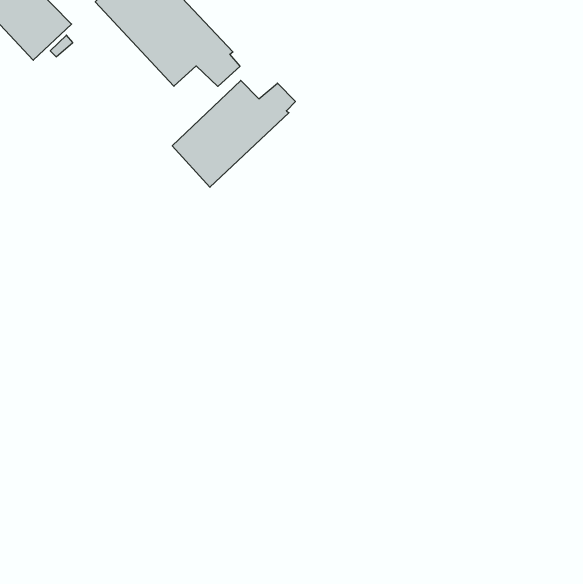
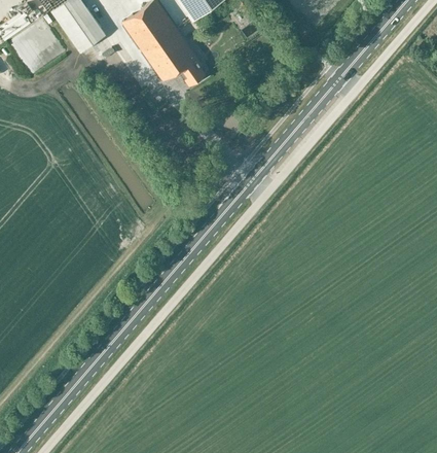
building: [172,80,295,187] -> none

